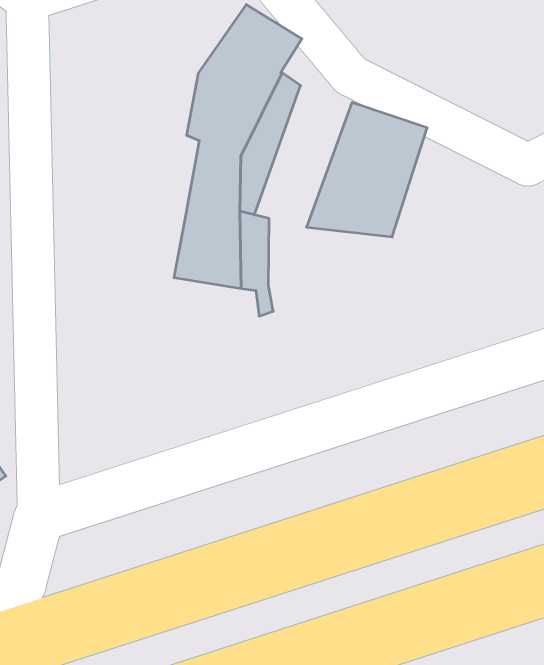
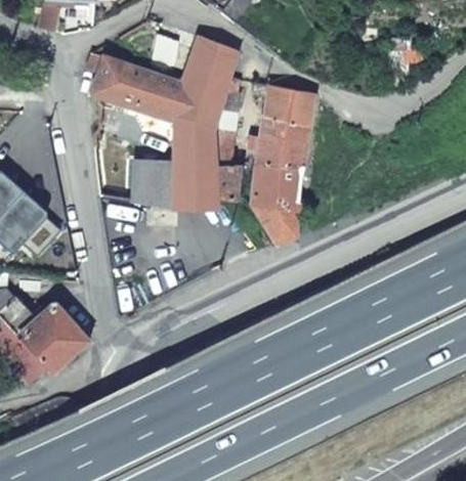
building: none -> [88,49,172,119]
building: none -> [132,167,176,207]
building: none -> [248,164,304,245]

